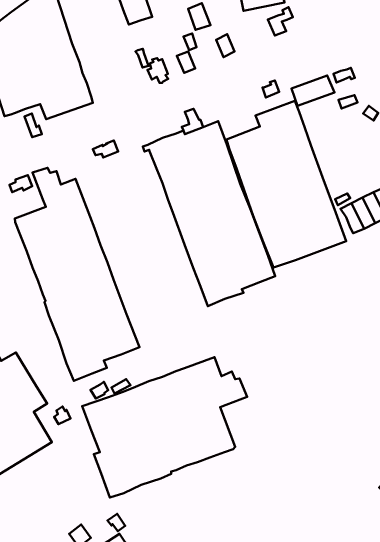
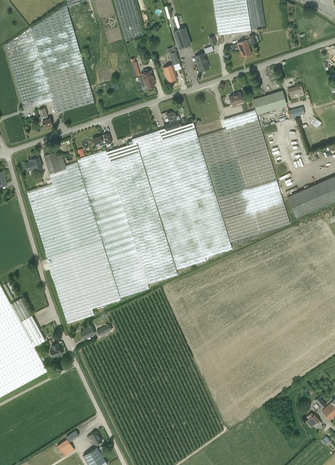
building: none -> [77,142,177,297]
building: [82,357,247,497] -> none

